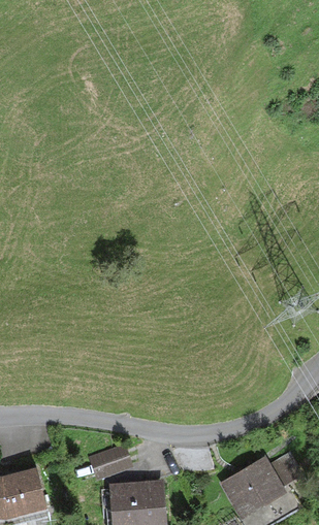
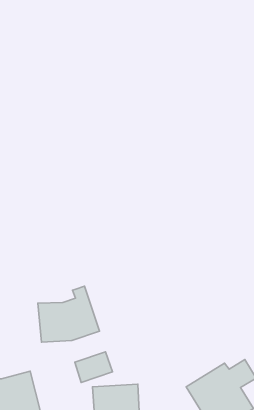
building: none -> [38,286,99,342]

